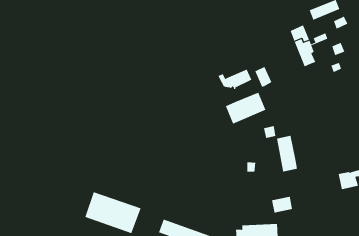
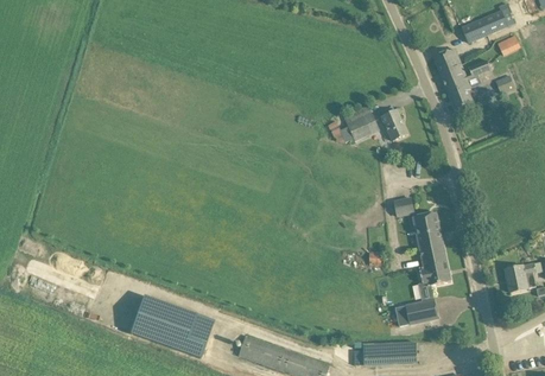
building: [225,92,266,124] -> none
building: none -> [419,261,450,286]

